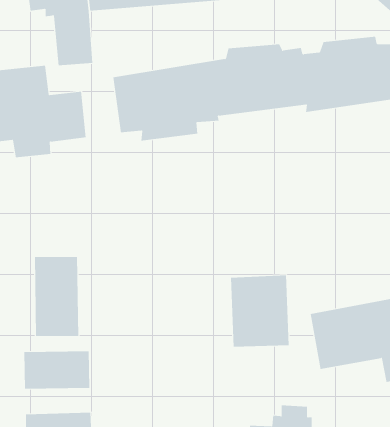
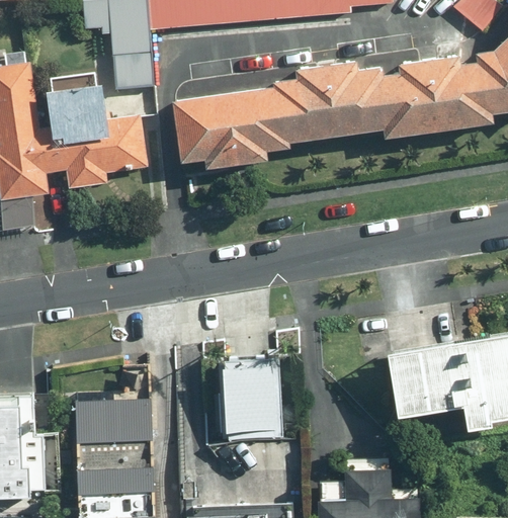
building: [34,256,79,337] -> none
building: [230,275,290,347] -> [219,363,283,442]

